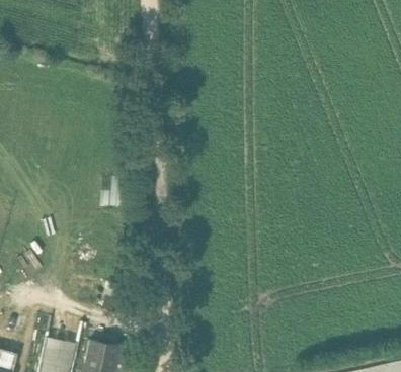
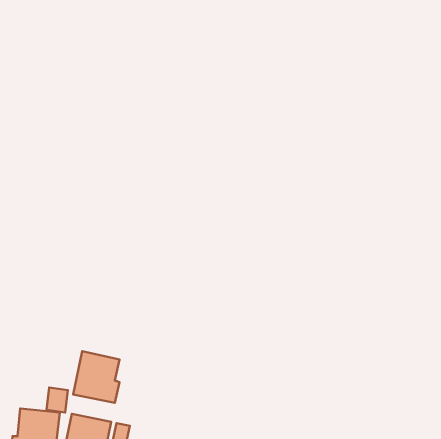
building: none -> [73,351,120,403]

